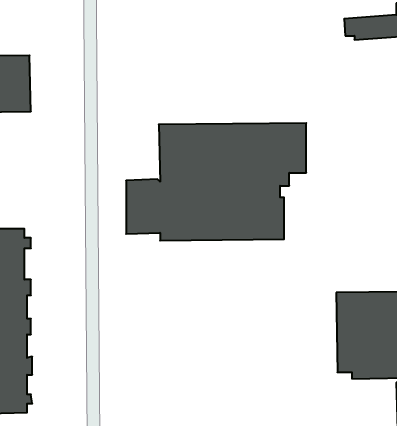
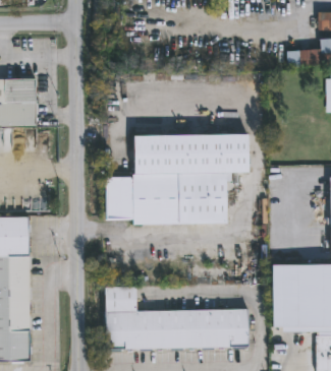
building: none -> [103,286,247,348]

